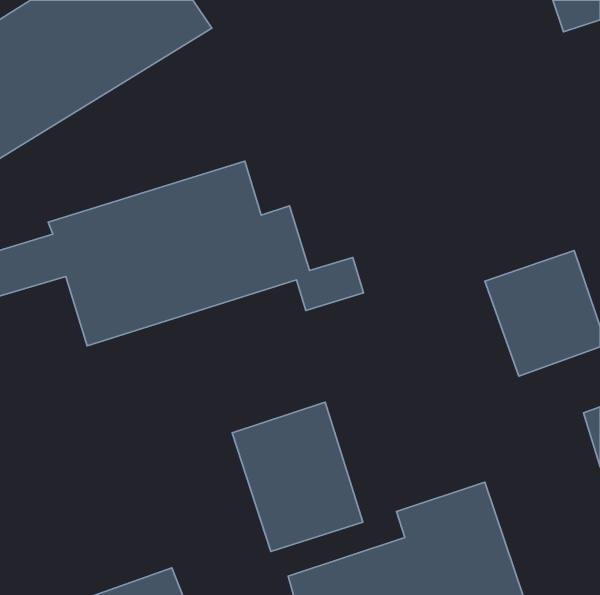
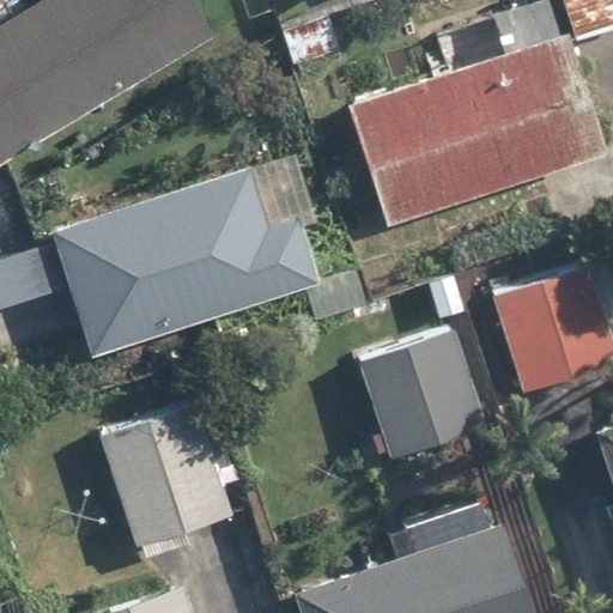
building: none -> [344,32,606,225]
building: none -> [362,334,482,455]
building: [232,402,363,551] -> [99,399,232,551]

